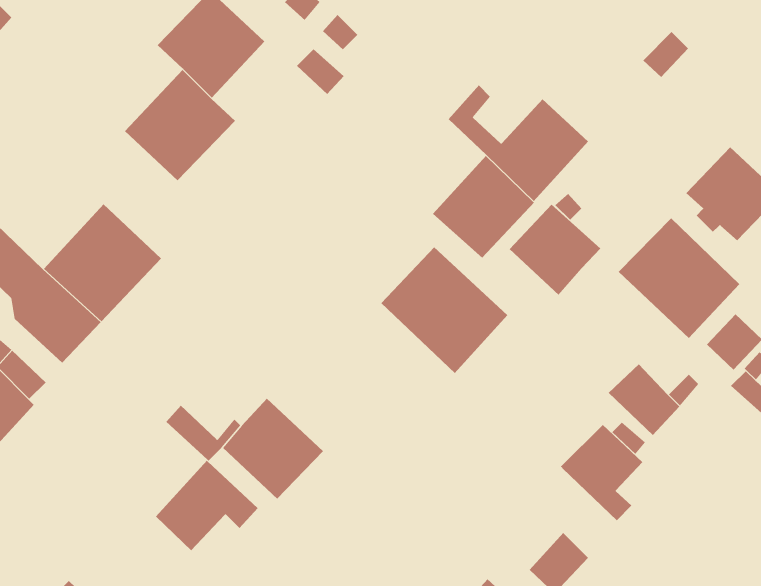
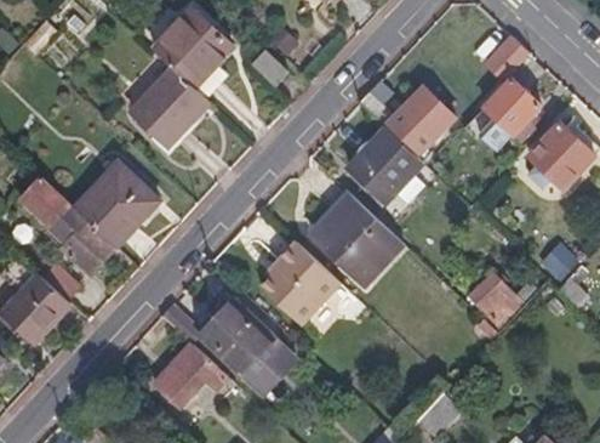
building: none -> [481,76,539,142]
building: [509,204,601,295] -> none
building: [618,217,740,339] -> none
building: none -> [259,242,339,326]
building: [560,424,643,521] -> none
building: none -> [239,337,295,393]

